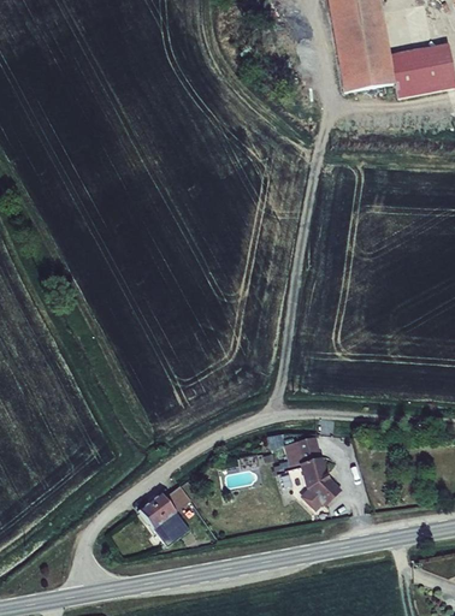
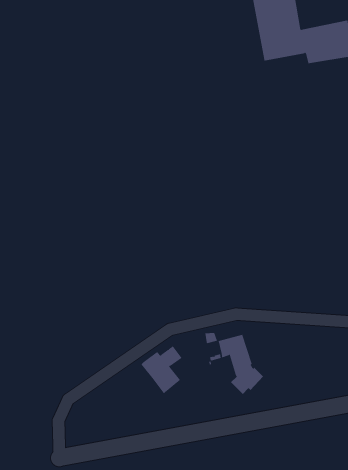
building: [140,485,193,546] -> [140,345,183,394]

